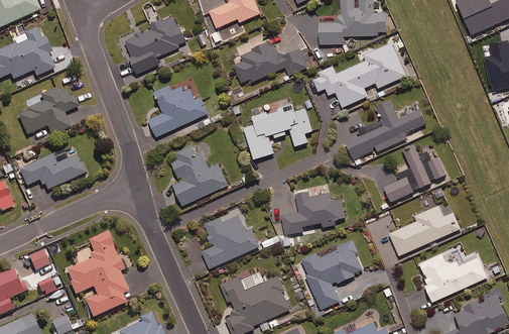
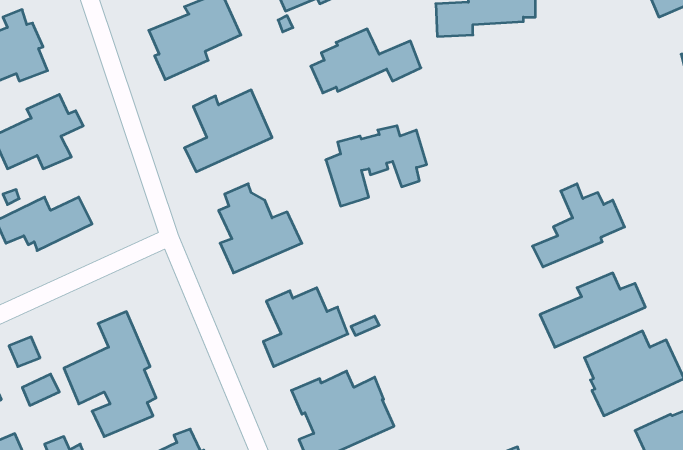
building: [312,42,405,107] -> none
building: [345,101,425,158] -> none
building: [280,192,345,234] -> none
building: [300,240,363,309] -> none

